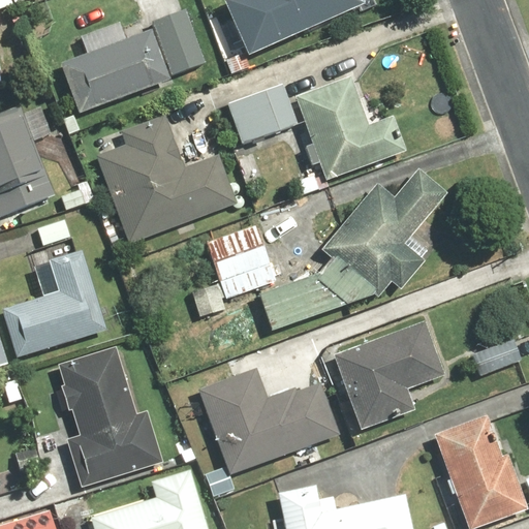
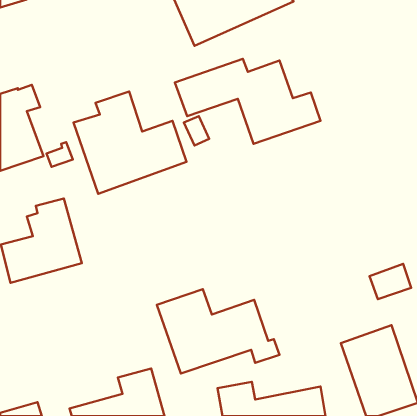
building: [58,7,208,116] -> none
building: [257,166,450,333] -> none
building: [193,224,279,311] -> none
building: [333,319,445,428] -> none
building: [57,350,162,487] -> none

